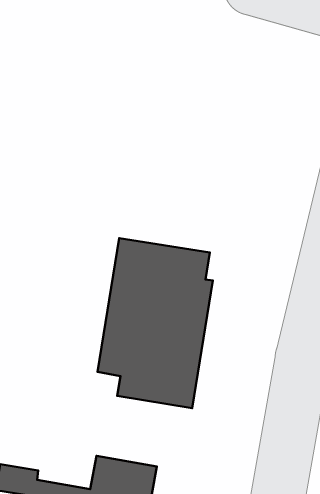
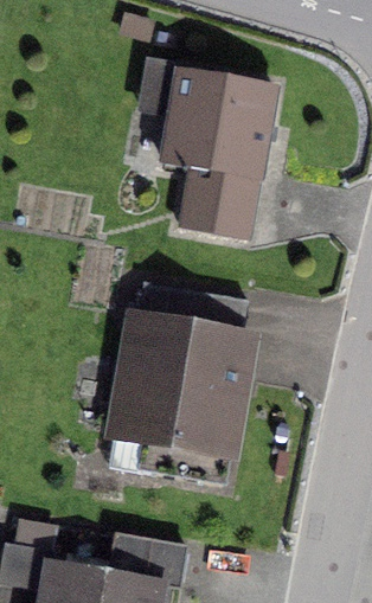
building: none -> [142,63,274,240]

